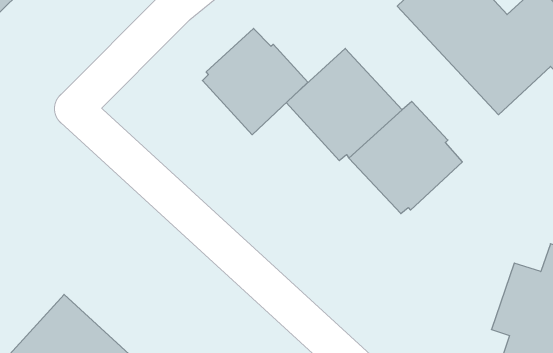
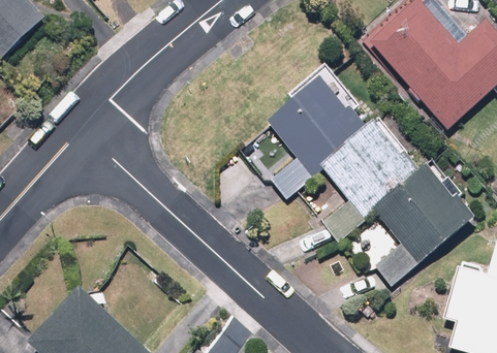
building: [202,28,308,135] -> none
building: none -> [373,167,471,260]

